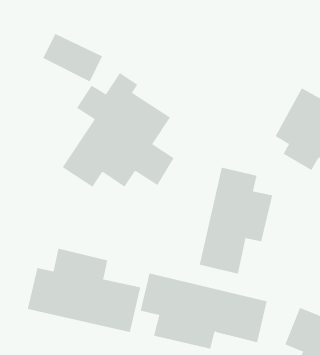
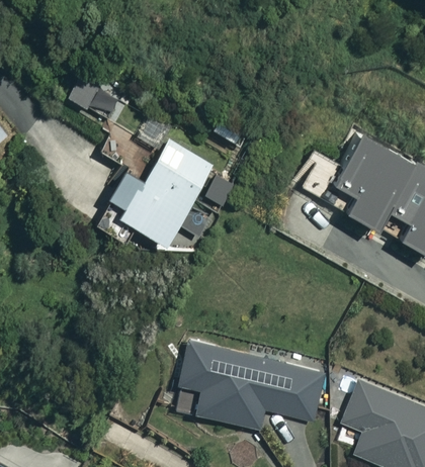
building: [199,167,273,274] -> none
building: [27,248,141,333] -> none

